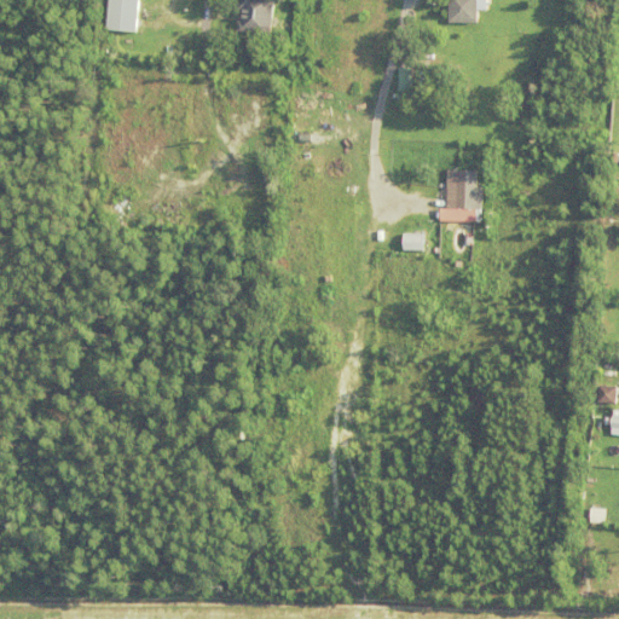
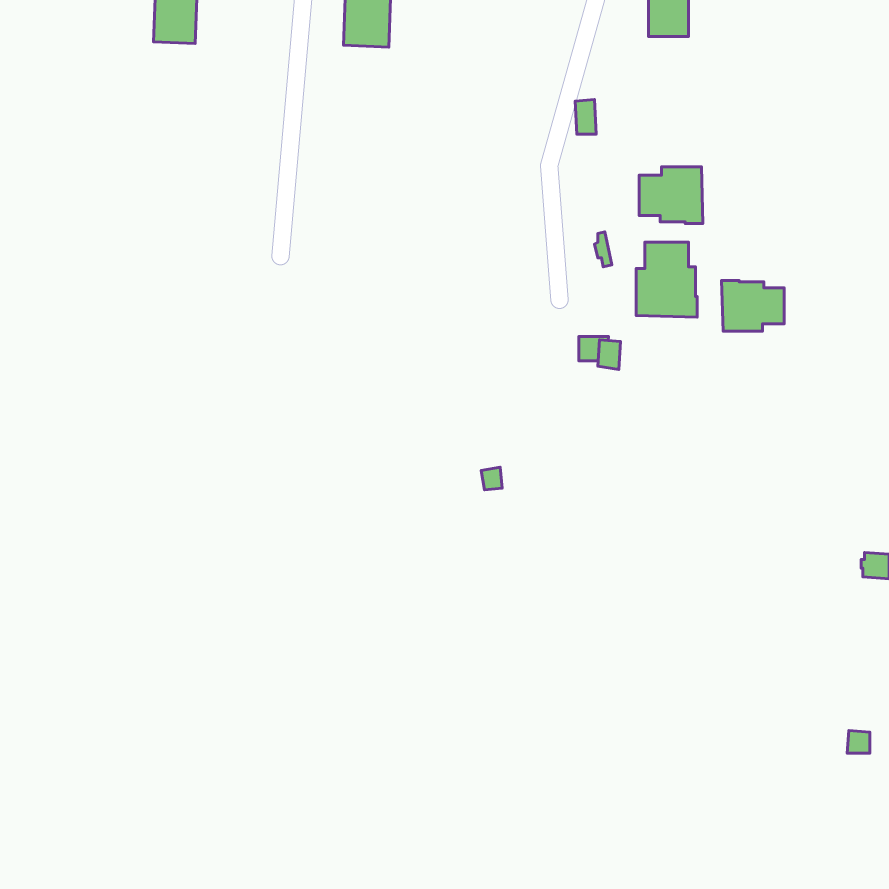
building: none -> [639,167,703,224]
building: none -> [722,280,784,331]

